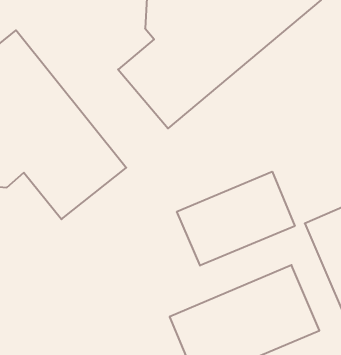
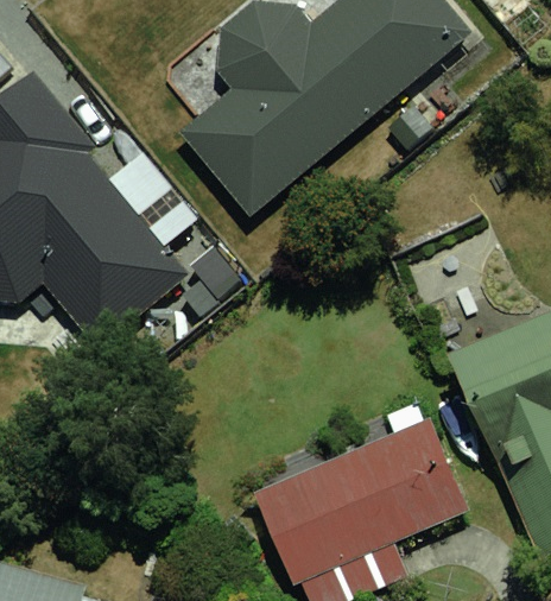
building: [177,172,295,266] -> none

